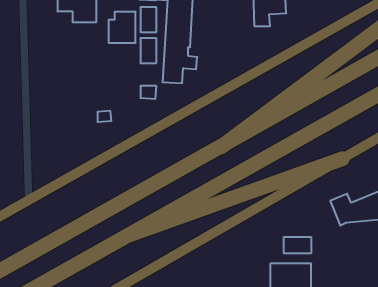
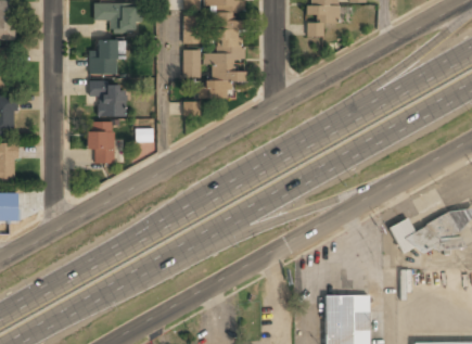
building: [109,12,136,43] -> [90,40,119,74]
building: none -> [90,82,126,116]
building: none -> [88,122,115,164]
building: [284,237,311,253] -> none

